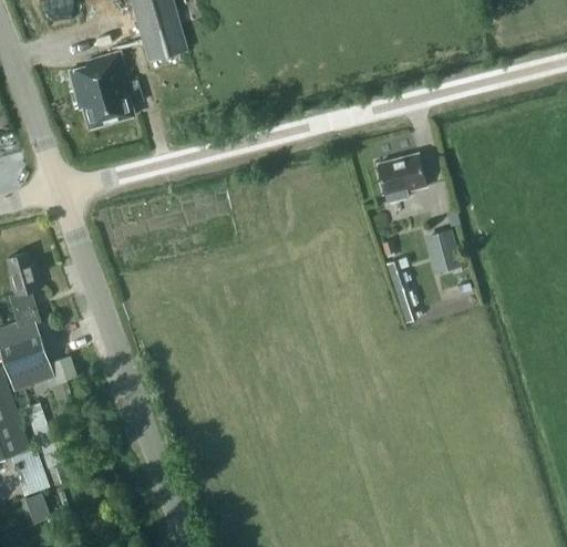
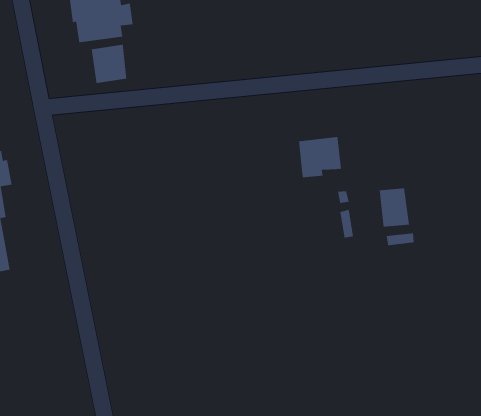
building: none -> [91,44,127,84]
building: [377,153,426,202] -> [298,137,342,178]

